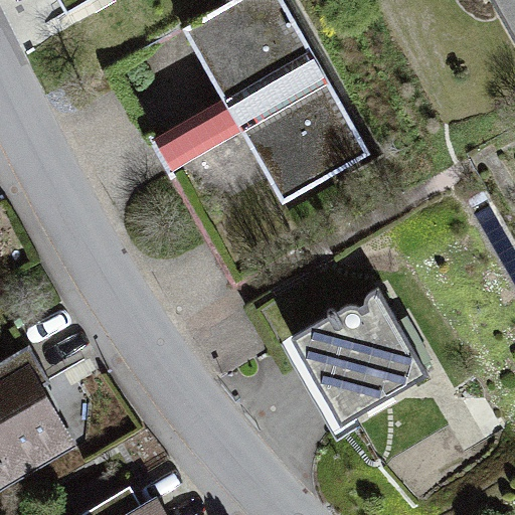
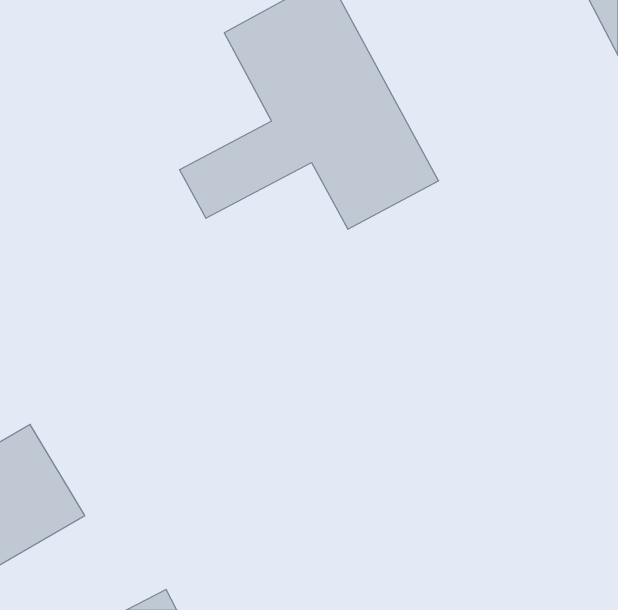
building: [284,291,436,436] -> none

